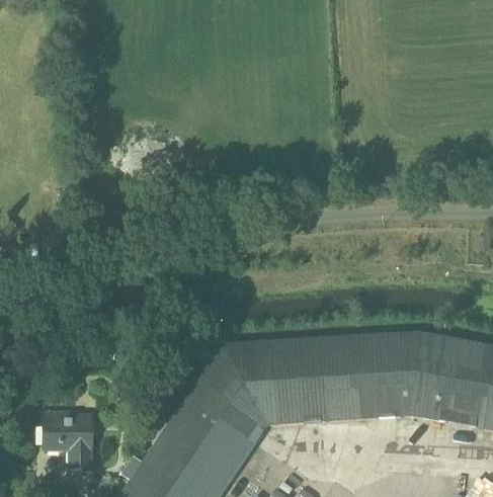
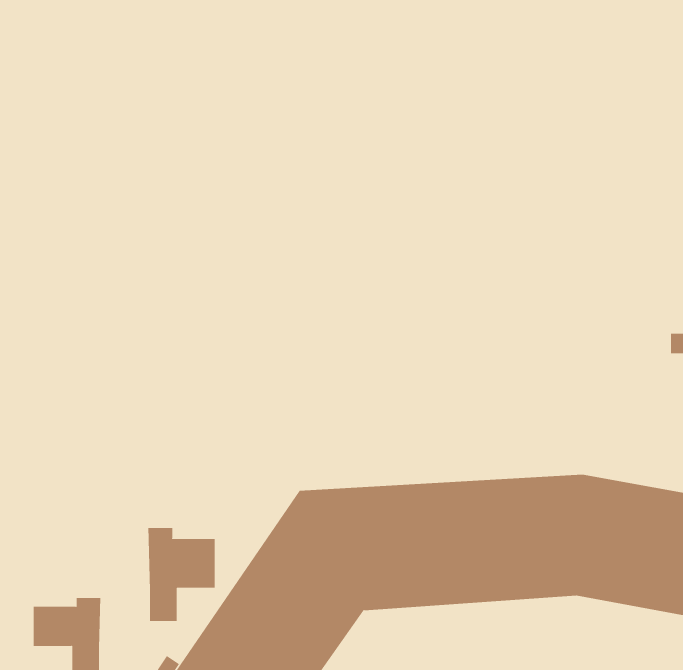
building: none -> [148,527,215,622]

